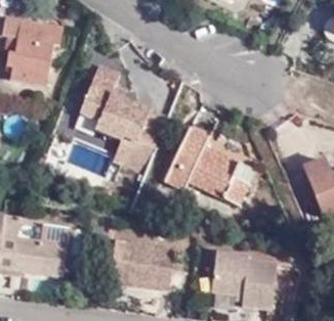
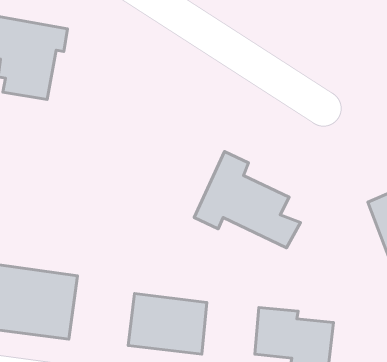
building: [79,66,168,174] -> none

